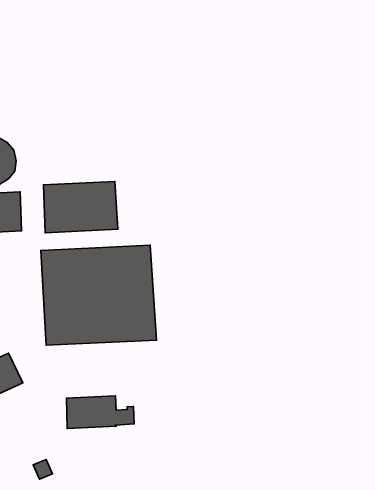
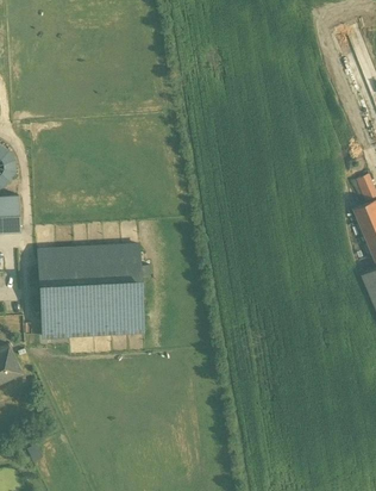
building: [43,181,118,233] -> none
building: [67,396,134,428] -> none

